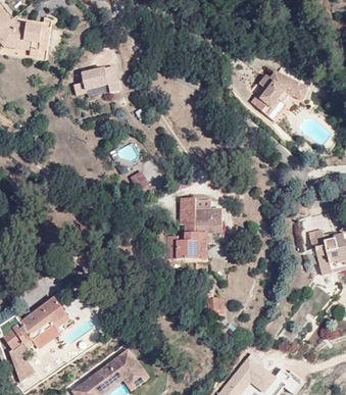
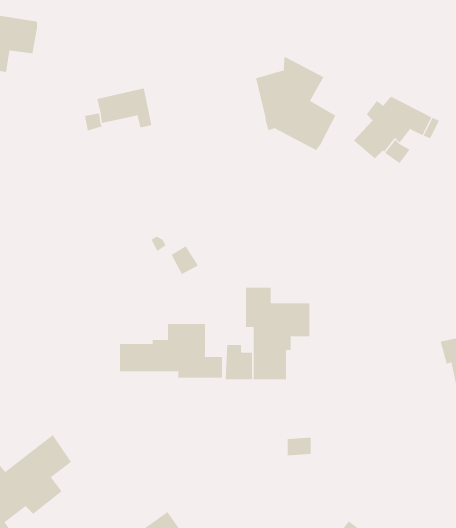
building: [22,27,50,59] -> none
building: none -> [255,56,336,151]
building: none -> [120,323,223,379]

